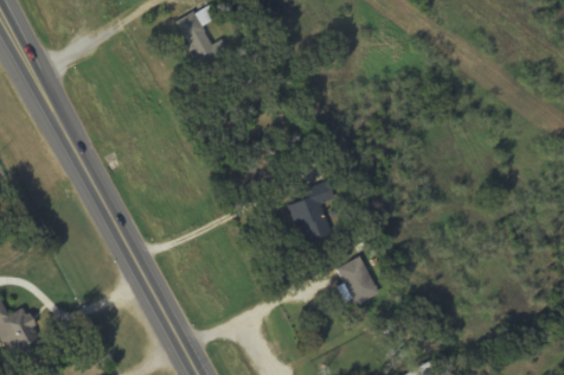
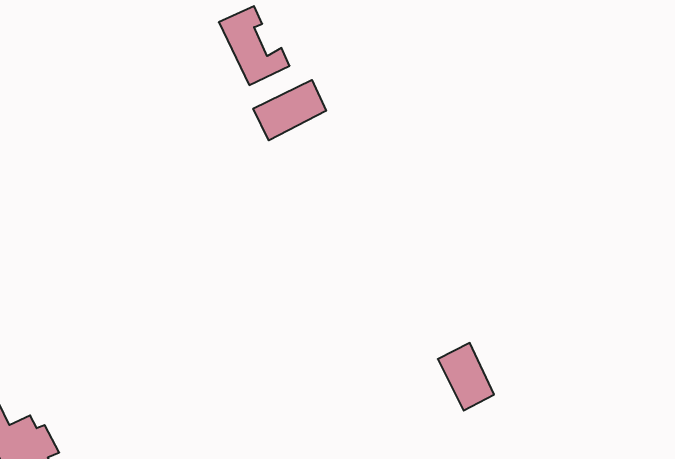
building: none -> [253,80,326,140]
building: [286,180,331,243] -> none

